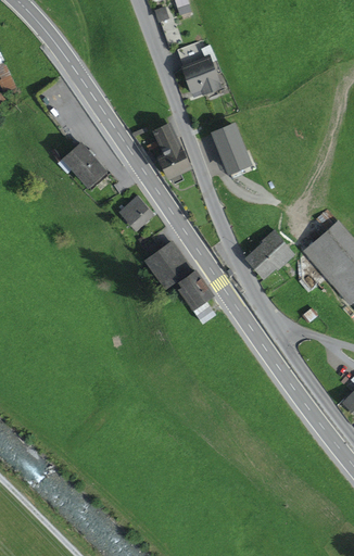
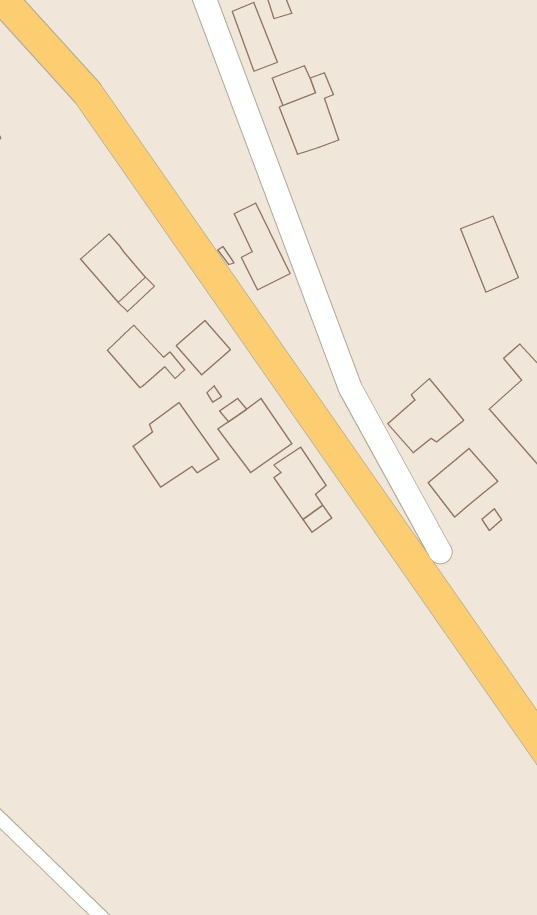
building: [213,126,248,172] -> [461,216,518,292]
building: none -> [107,325,185,388]
building: none -> [133,403,219,487]
building: none -> [428,448,498,517]

